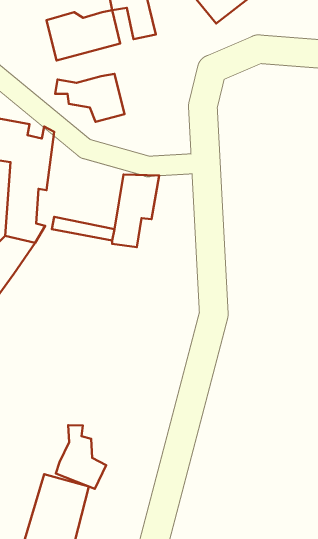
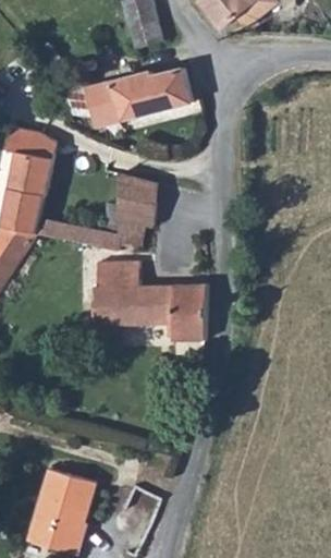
building: [46,10,120,60] -> [121,69,193,118]
building: none -> [86,259,210,337]
building: [56,425,106,489] -> none

